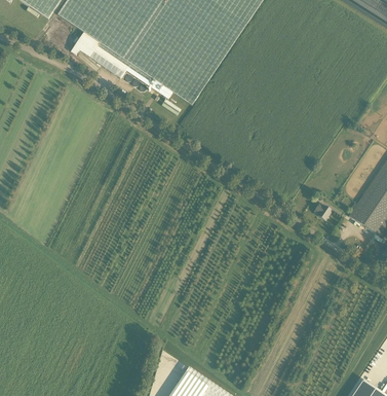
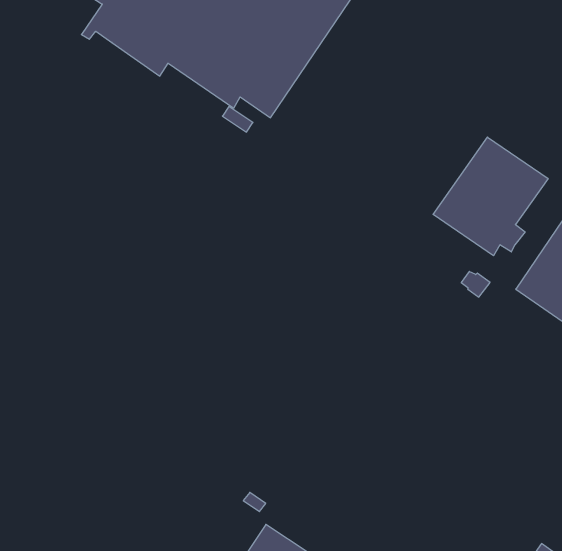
building: none -> [433,137,548,256]

